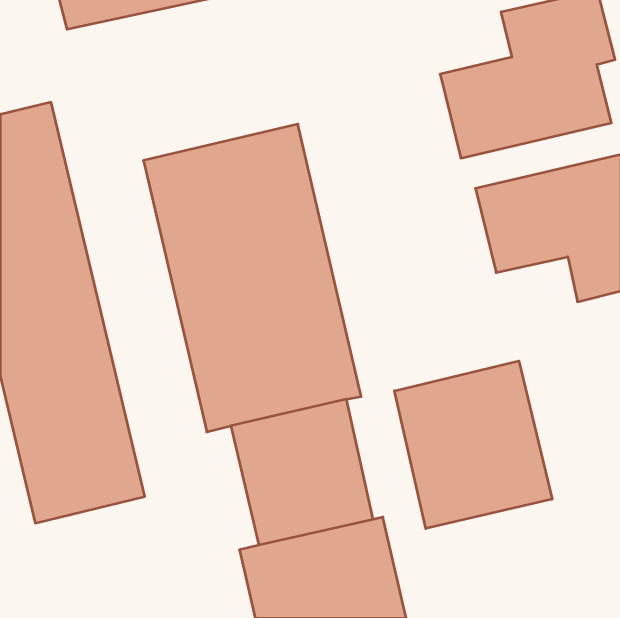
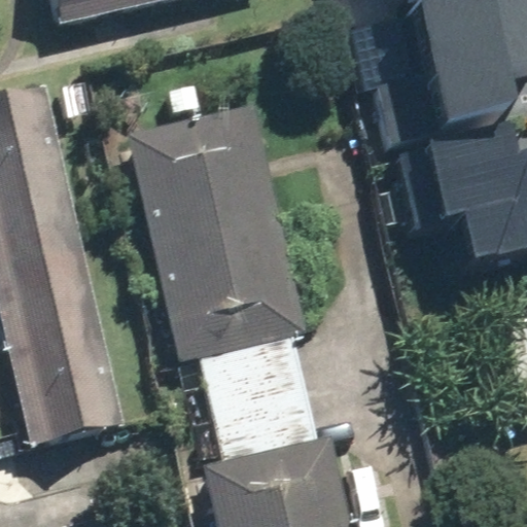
building: [394,361,552,529] -> none

